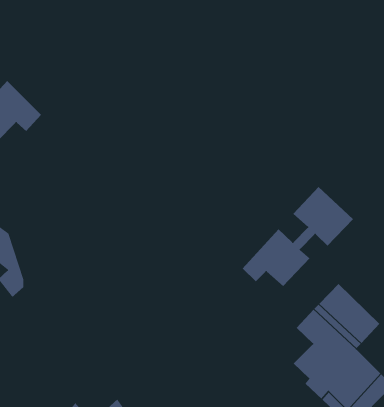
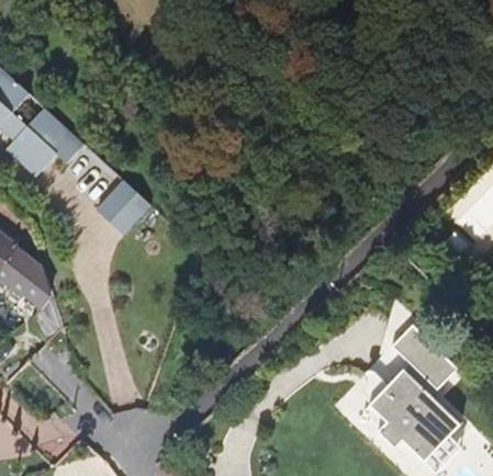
building: none -> [97,184,149,238]
building: [242,186,354,287] -> none

